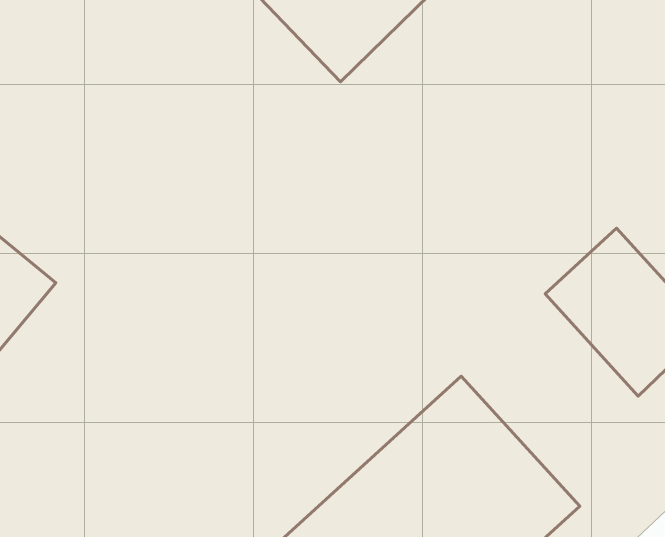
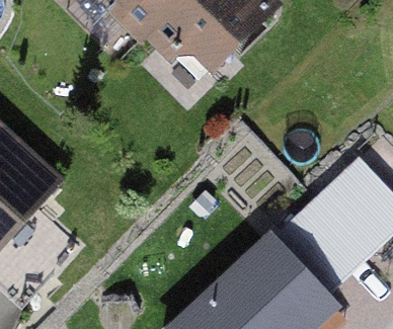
building: none -> [281,193,372,286]

